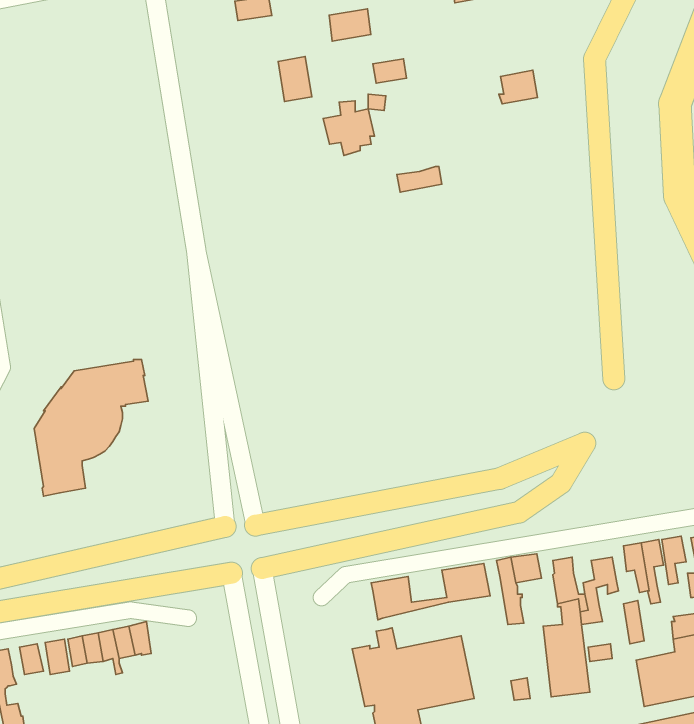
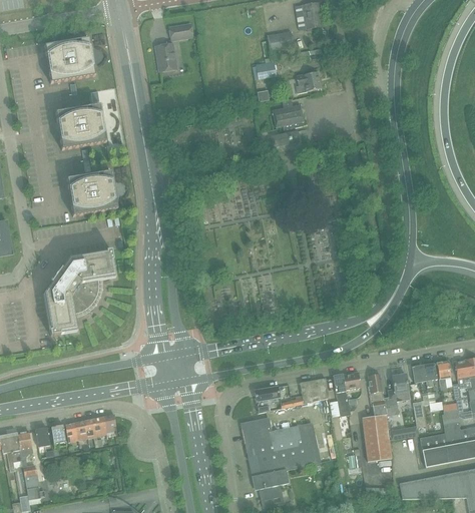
building: [329,9,371,41] -> [267,31,293,51]
building: none -> [44,38,95,83]
building: [278,57,312,102] -> [155,43,176,71]
building: [499,70,537,104] -> [296,71,320,92]
building: [323,101,374,155] -> [272,99,304,133]
building: none -> [55,104,106,149]
building: none -> [66,171,117,216]

